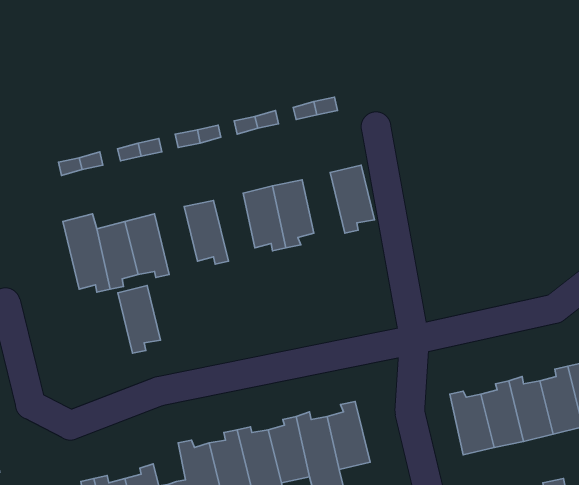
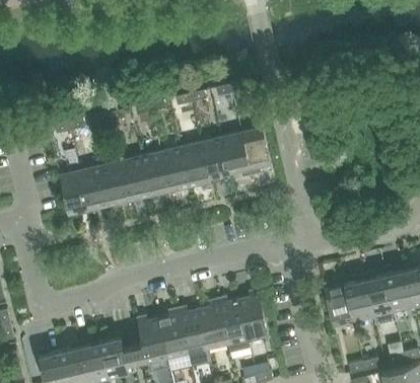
building: none -> [220,133,250,176]
building: none -> [159,147,188,194]
building: [118,285,161,353] -> [119,156,148,203]

